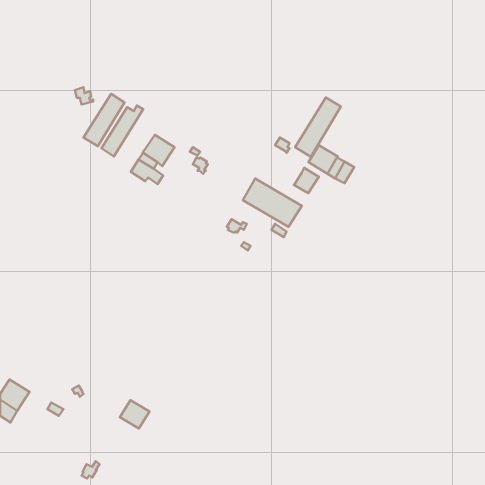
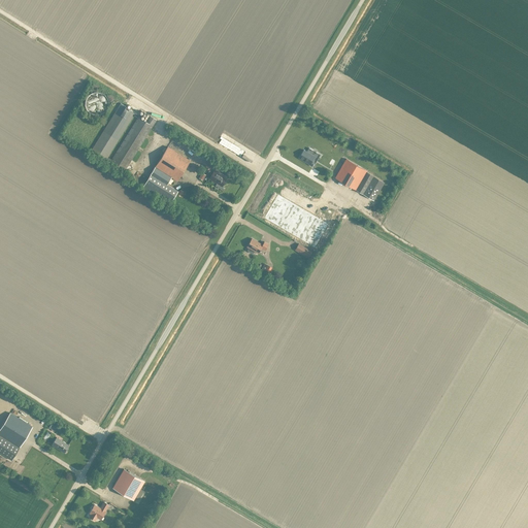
building: [295,98,341,157] -> none
building: [294,168,319,193] -> none
building: [120,400,149,429] -> [112,468,144,499]

